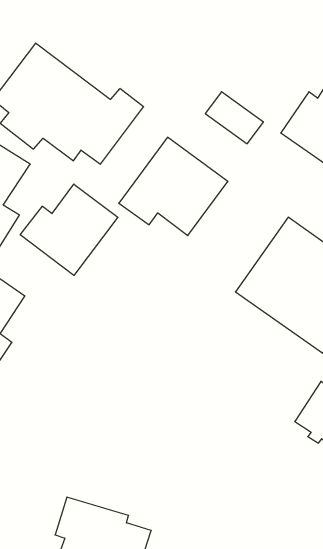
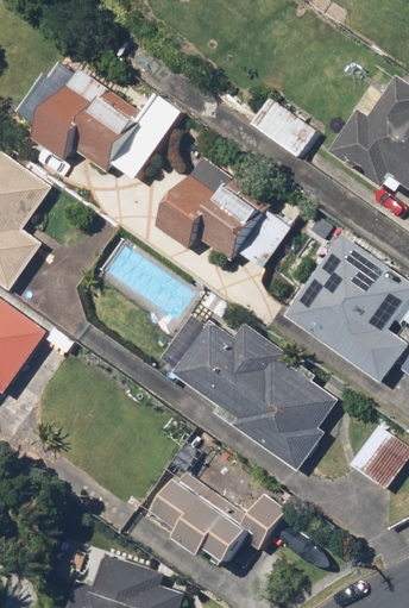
building: [20,184,118,275] -> none
building: none -> [161,308,336,469]
building: none -> [155,469,289,556]

